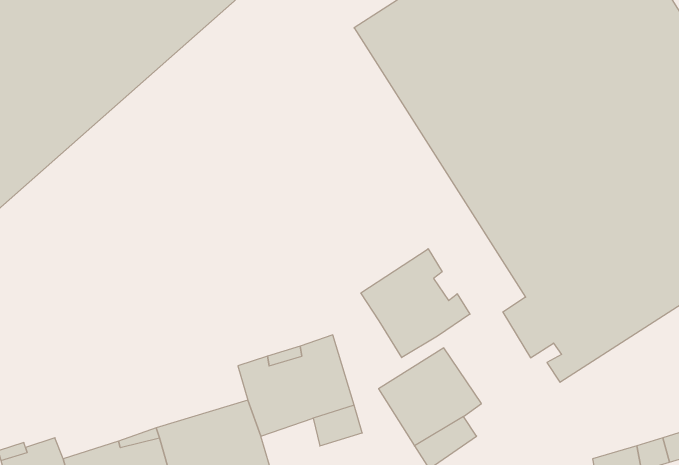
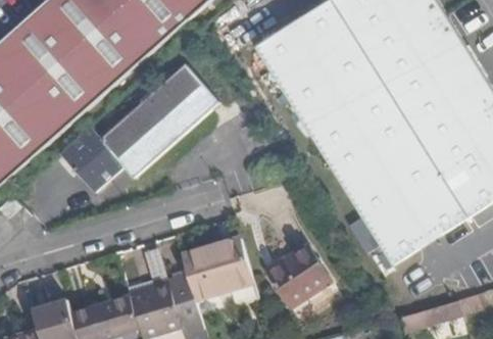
building: none -> [59,63,217,192]
building: [361,249,470,358] -> none

